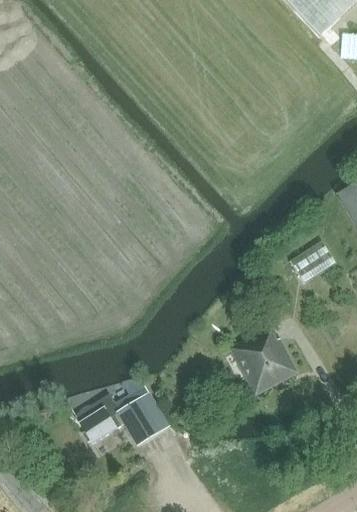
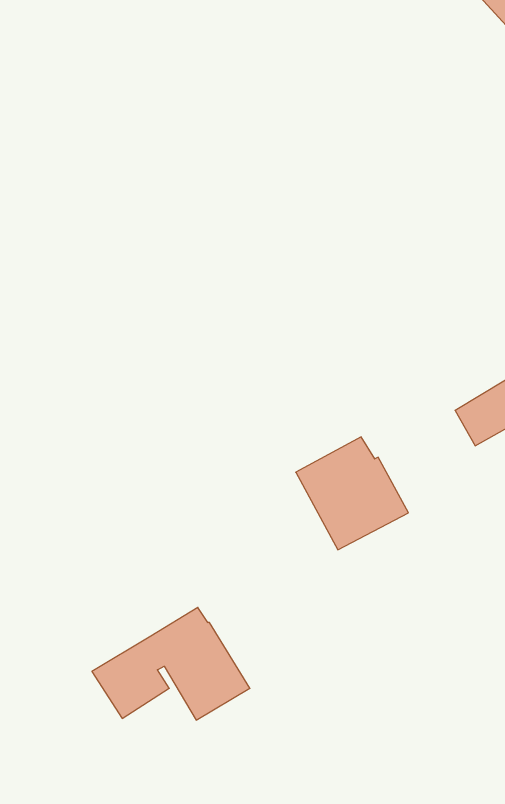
building: [230,326,297,393] -> [296,437,408,550]

